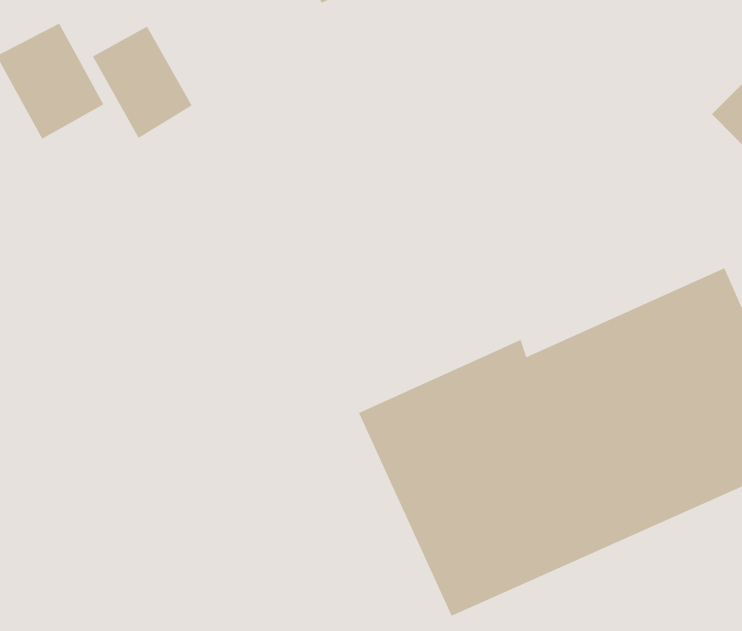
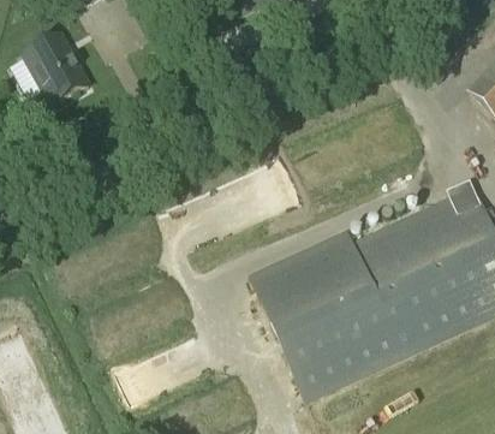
building: [92,26,193,139] -> none

